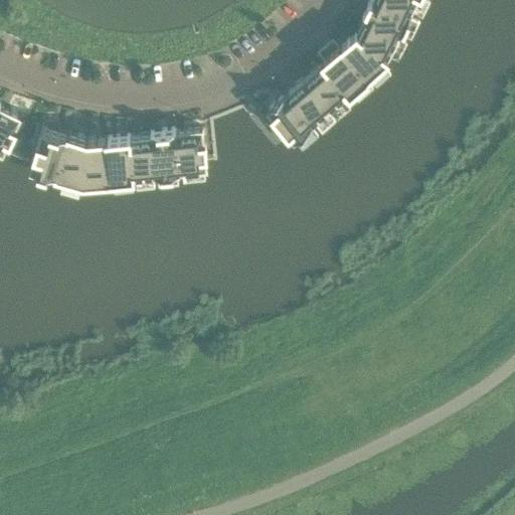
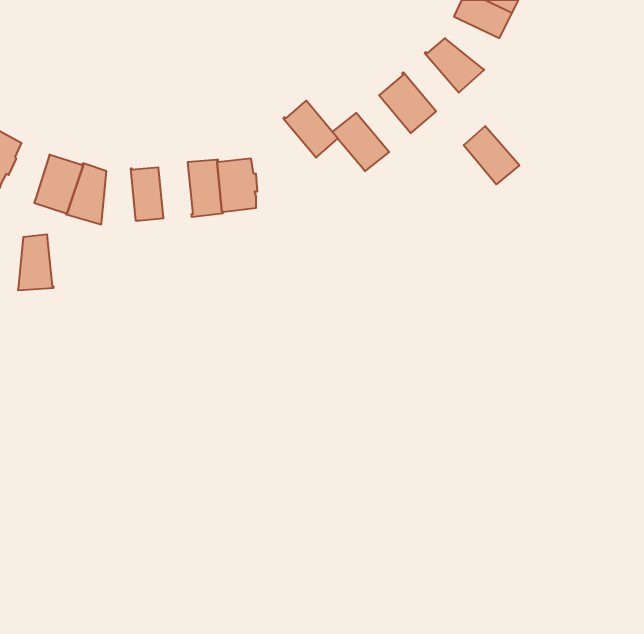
building: [353,24,396,66] -> none
building: [320,53,364,100] -> [464,126,519,184]
building: [283,87,326,132] -> [283,101,338,158]
building: [126,140,153,184] -> none
building: [80,145,109,189] -> [18,235,54,290]

